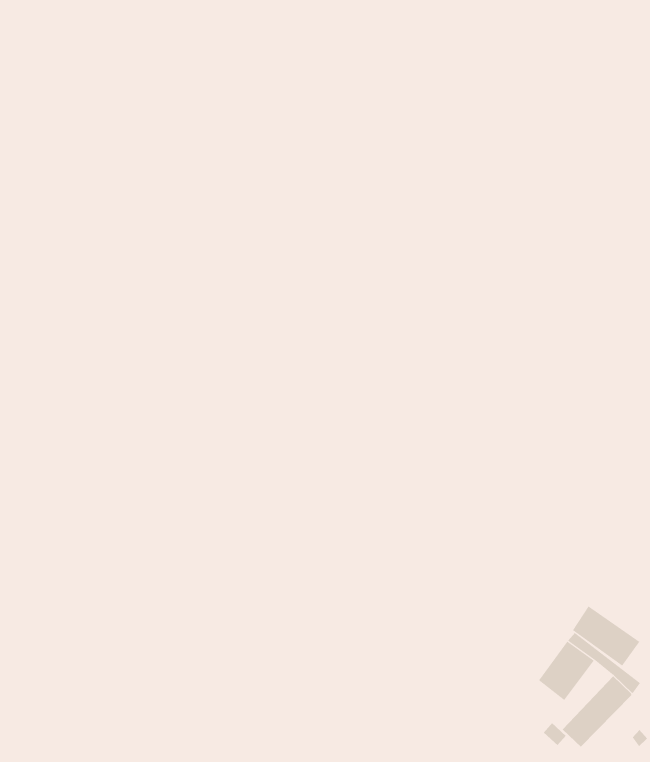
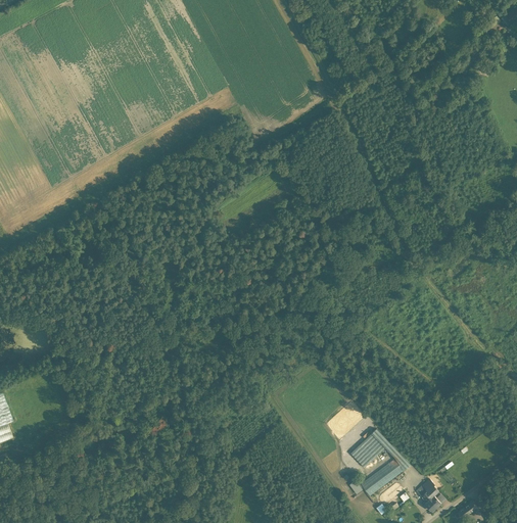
building: [572,605,640,667] -> none

